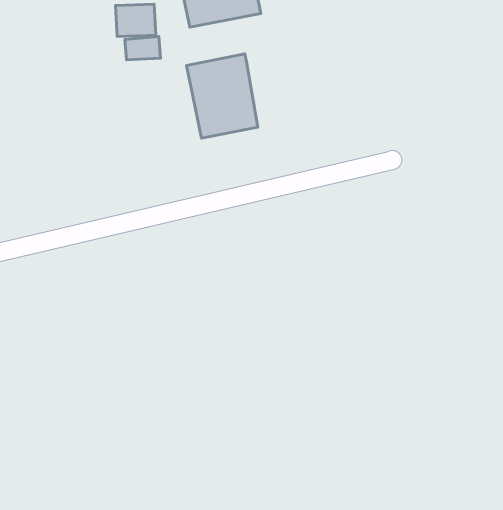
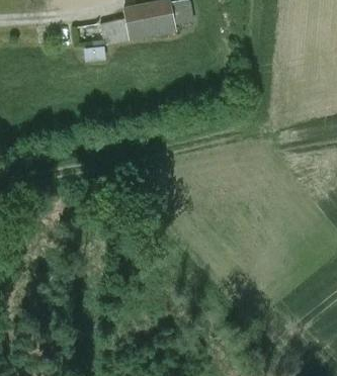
building: [186,54,258,138] -> none

